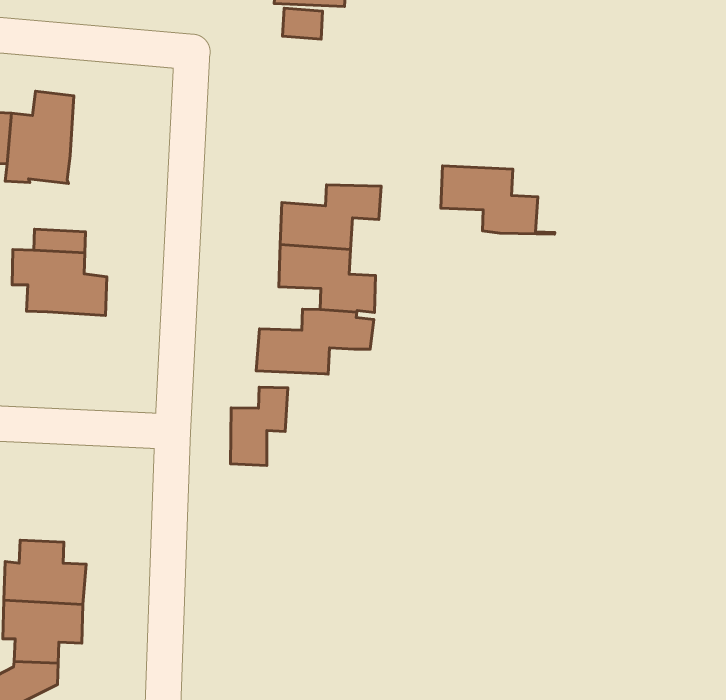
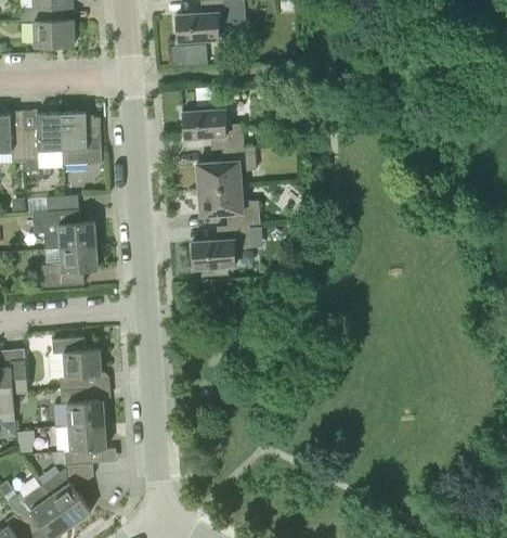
building: none -> [60,113,101,166]
building: [441,166,555,234] -> [181,110,255,150]
building: none -> [42,246,96,287]
building: [231,387,288,466] -> none
building: none -> [51,337,100,390]

